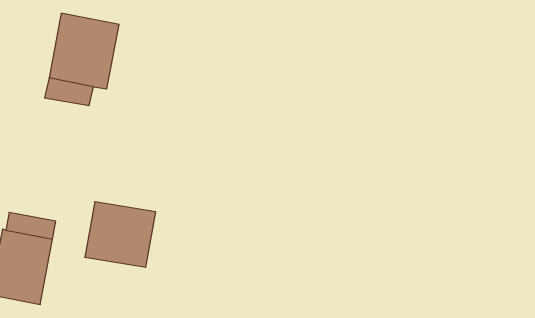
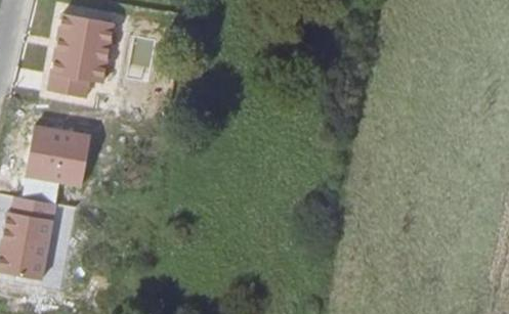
building: [85,202,156,267] -> [25,125,90,185]

